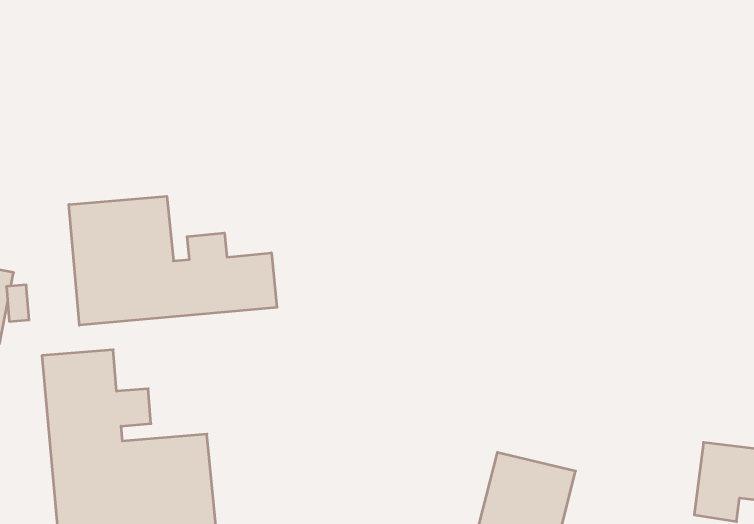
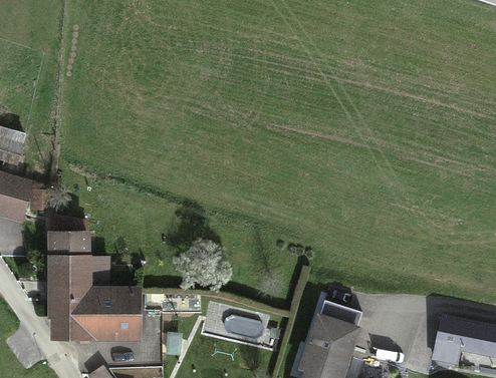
building: [69,196,277,325] -> none

